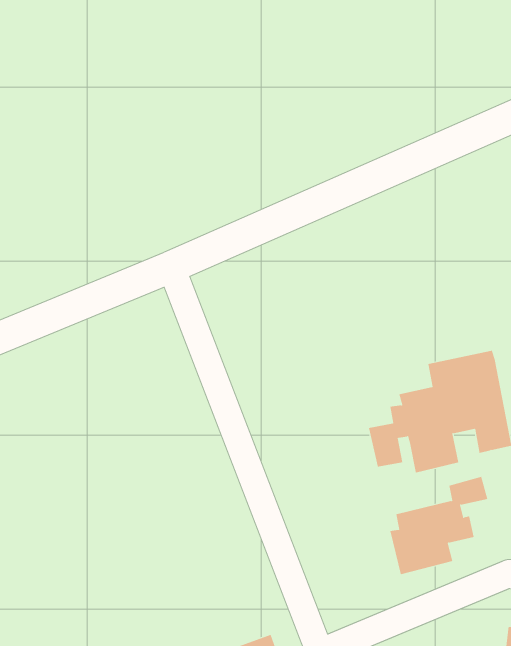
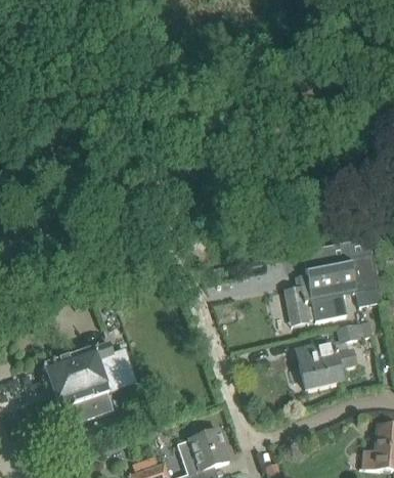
building: none -> [43,342,136,423]

